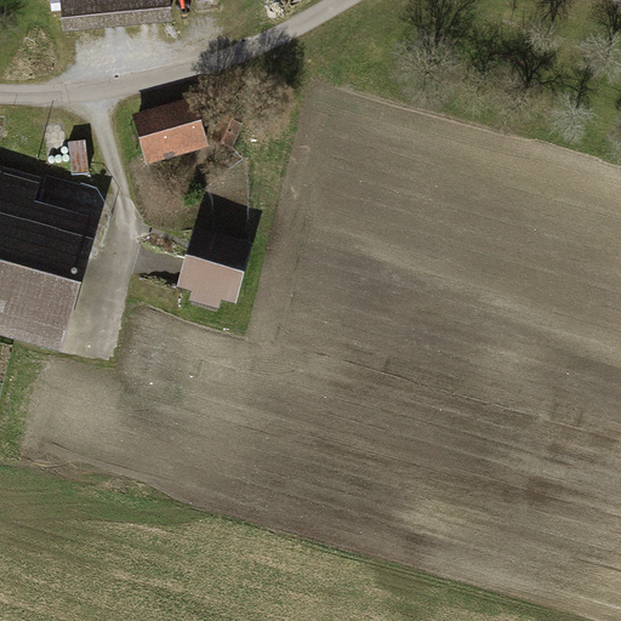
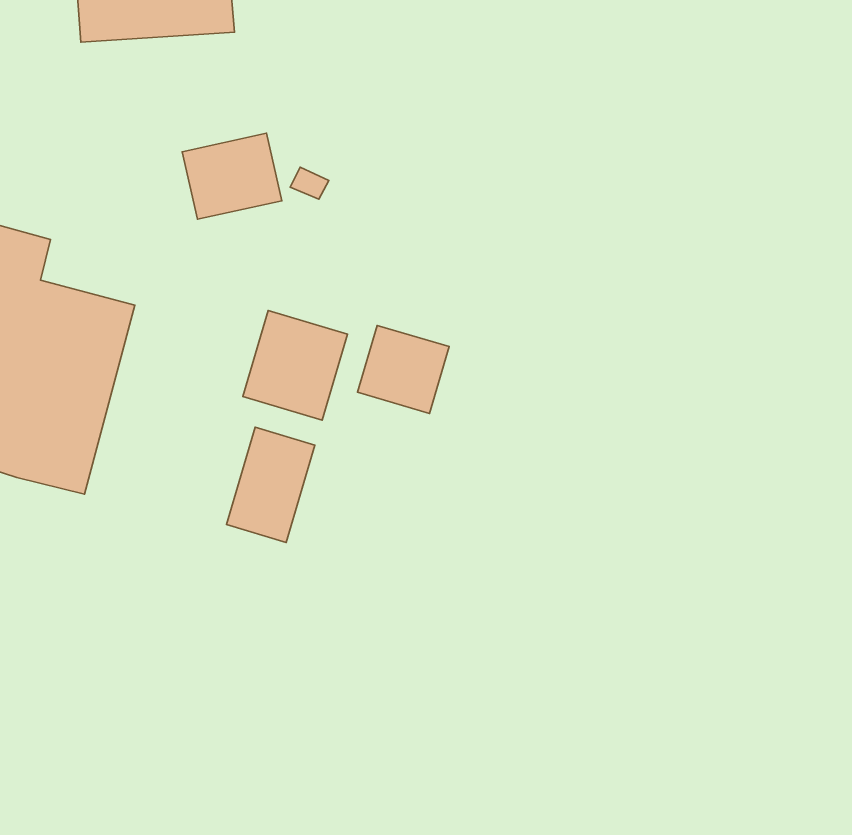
building: none -> [357,325,449,413]
building: none -> [227,427,315,542]

